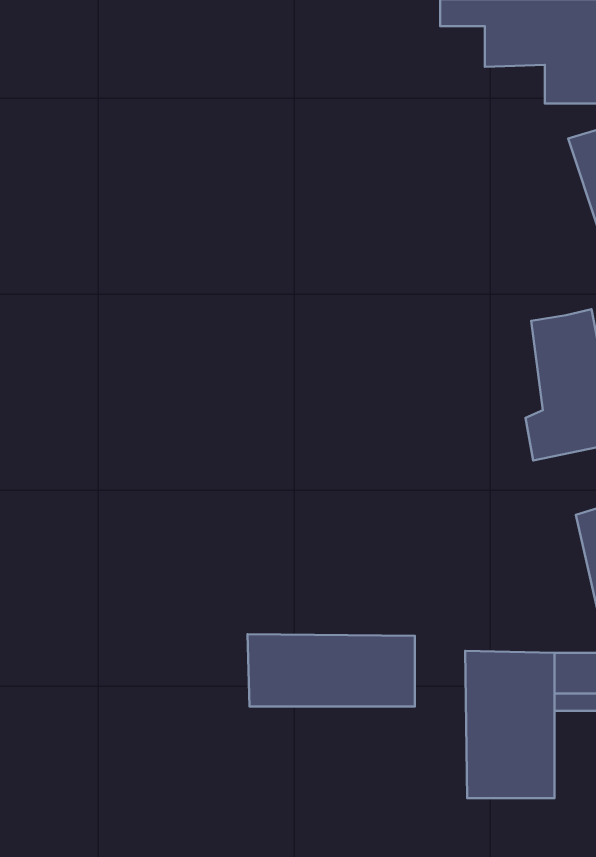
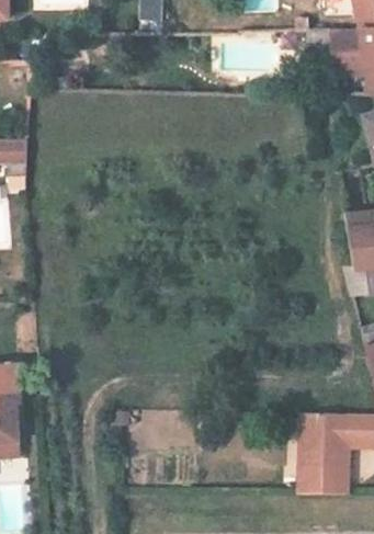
building: [247,634,415,706] -> none

